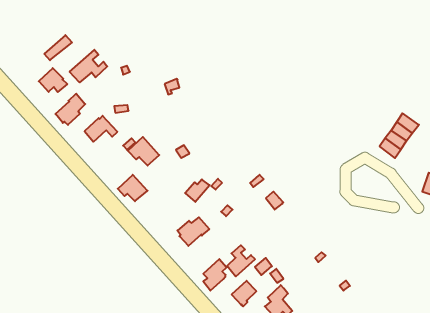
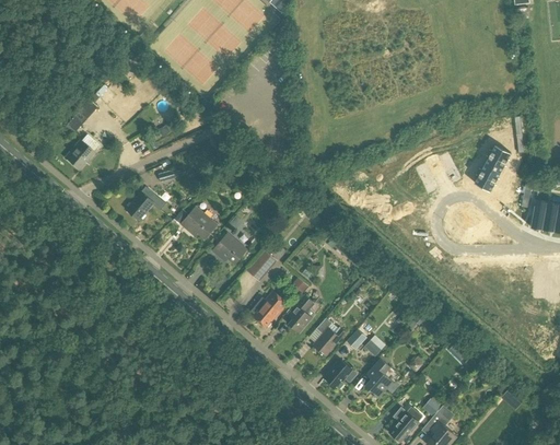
building: [70,50,107,82] -> none
building: [55,94,85,125] -> none
building: [118,175,148,201] -> [211,233,246,264]
building: [203,259,227,291] -> [287,294,313,332]

